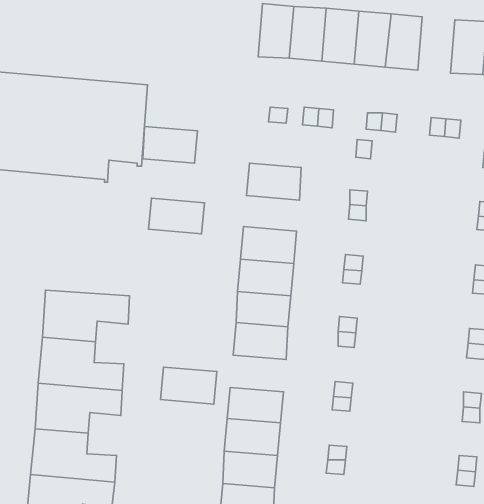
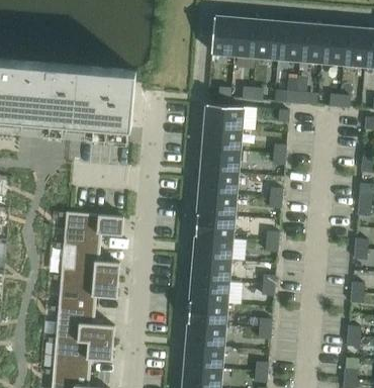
building: none -> [320,25,346,64]
building: [143,126,198,163] -> [205,103,243,128]
building: [148,198,205,234] -> [201,148,240,172]
building: [161,367,217,404] -> [192,257,230,282]

